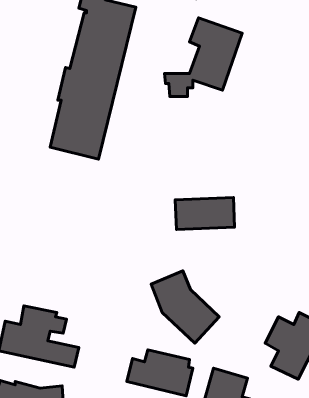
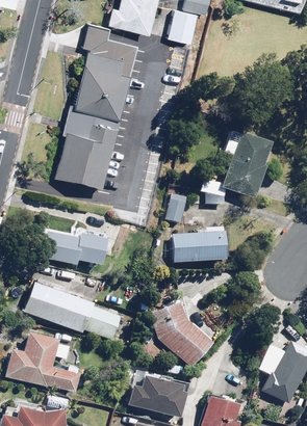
building: [164,18,242,97] -> [201,129,275,204]
building: none -> [164,192,188,222]
building: none -> [42,228,110,265]
building: none -> [25,276,122,341]

